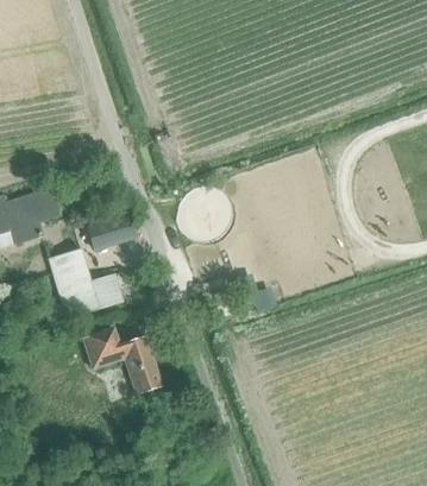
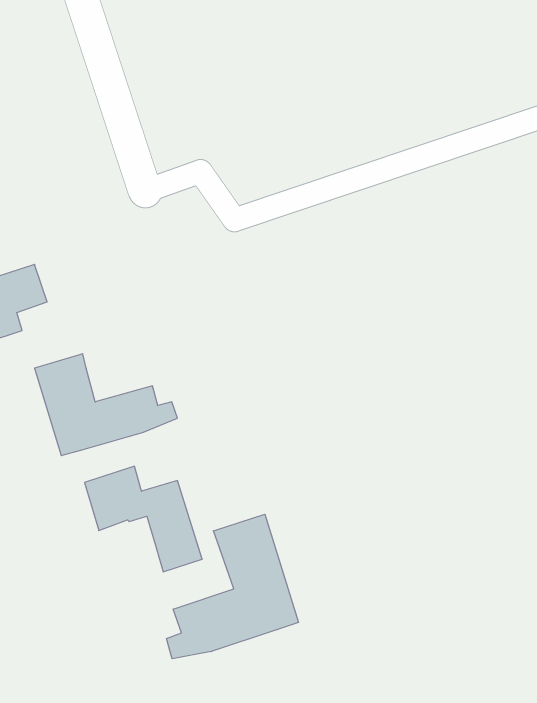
building: [88,219,138,251] -> none
building: none -> [167,514,298,659]

